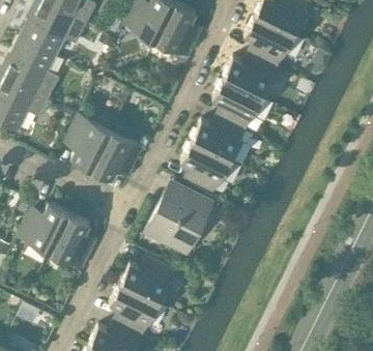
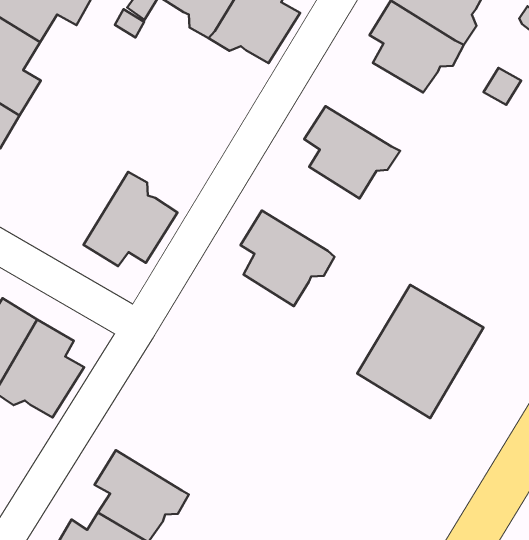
building: [222,52,277,100] -> none
building: [63,114,113,169] -> none
building: [191,114,246,164] -> none
building: [144,182,213,257] -> [357,285,483,418]
building: [119,256,174,305] -> none

